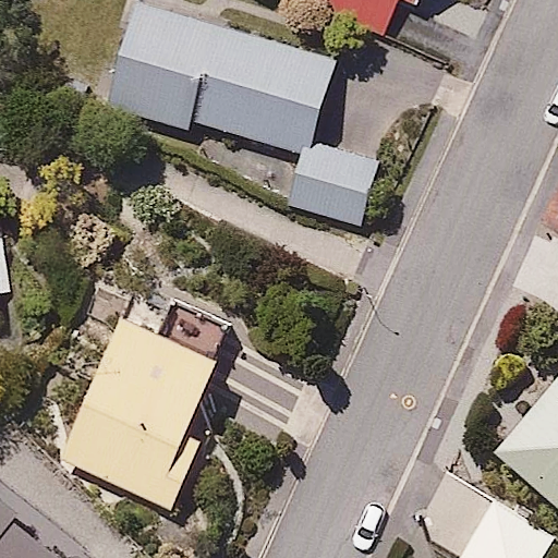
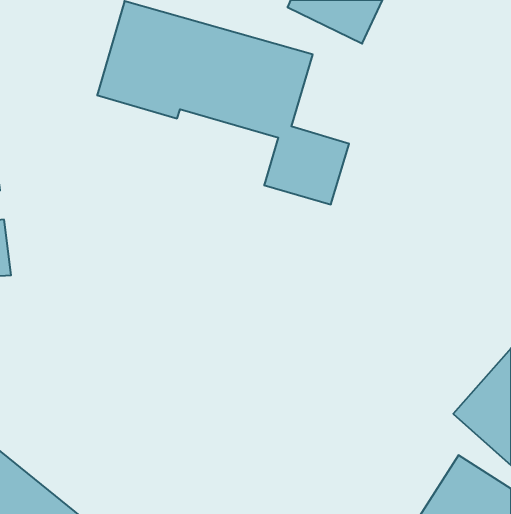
building: [59,311,231,510] -> none

